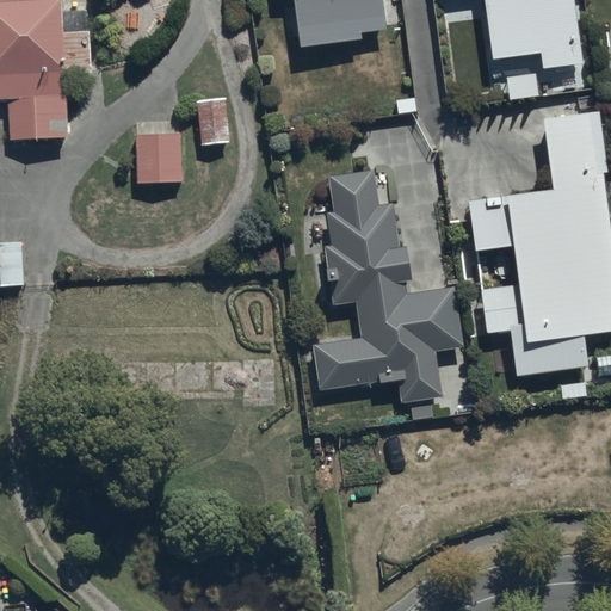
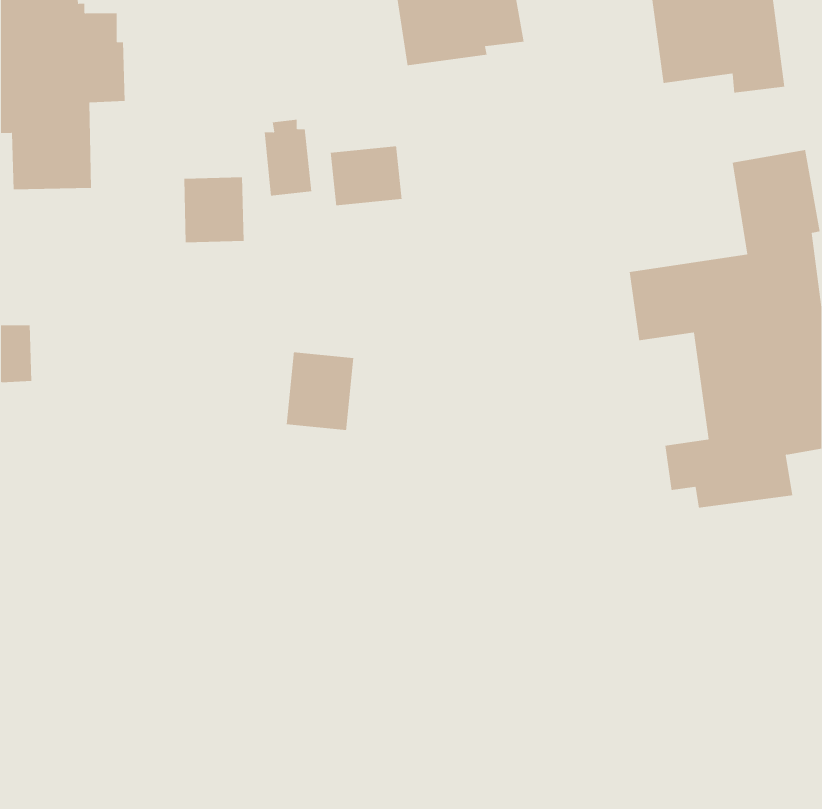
building: none -> [330,145,402,206]
building: [313,168,463,400] -> none
building: none -> [286,352,354,431]

